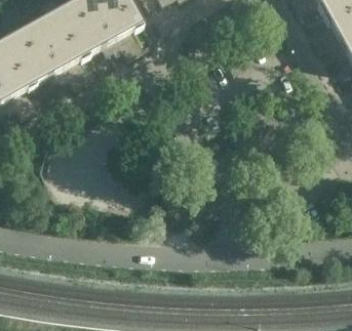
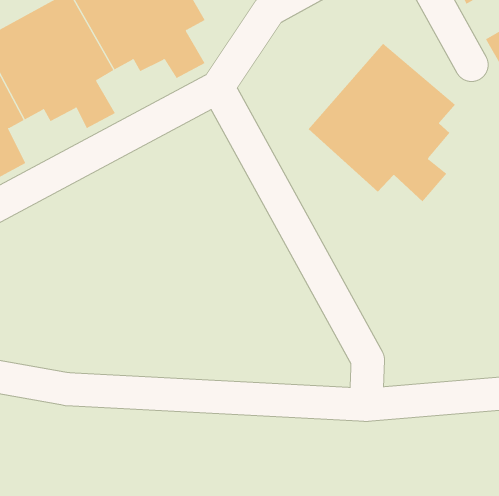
building: none -> [308,43,456,202]

